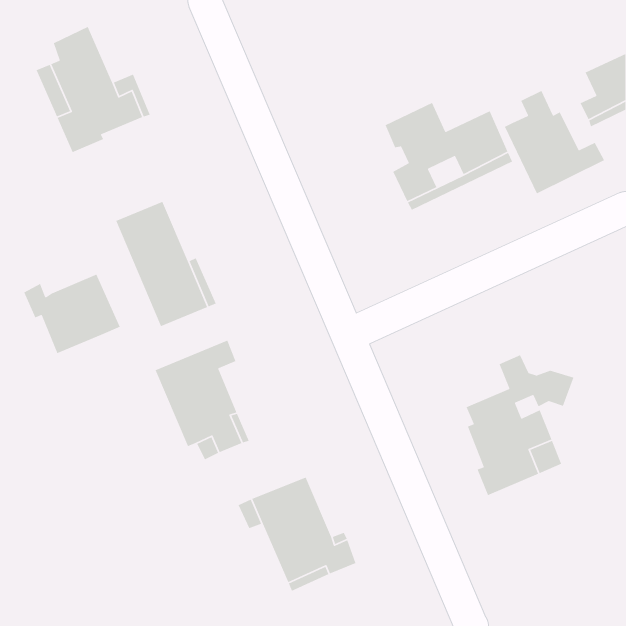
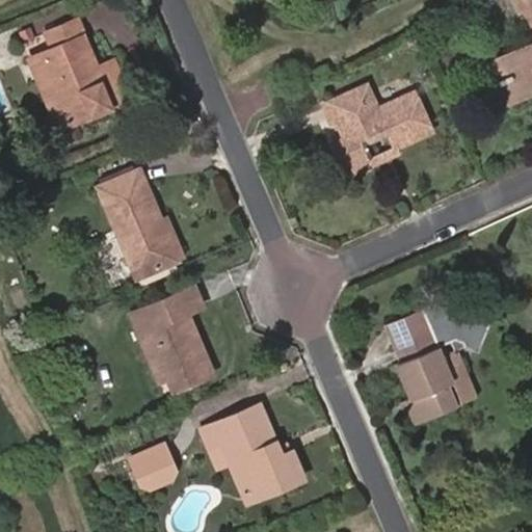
building: [504,90,605,194] -> none
building: [23,274,121,354] -> none
building: none -> [385,309,431,345]
building: none -> [130,442,176,487]

